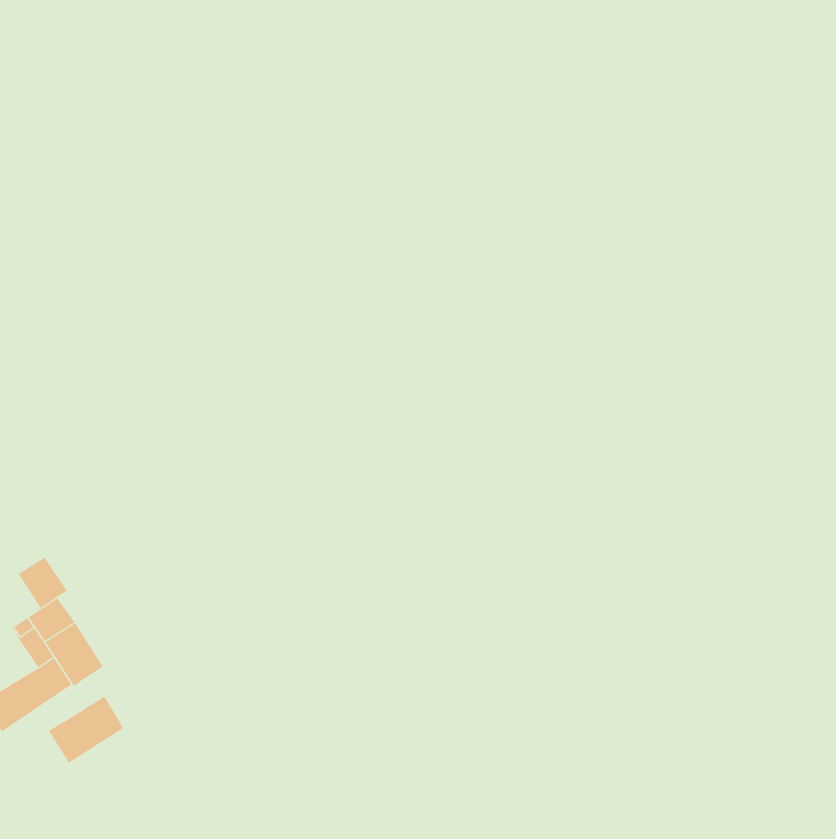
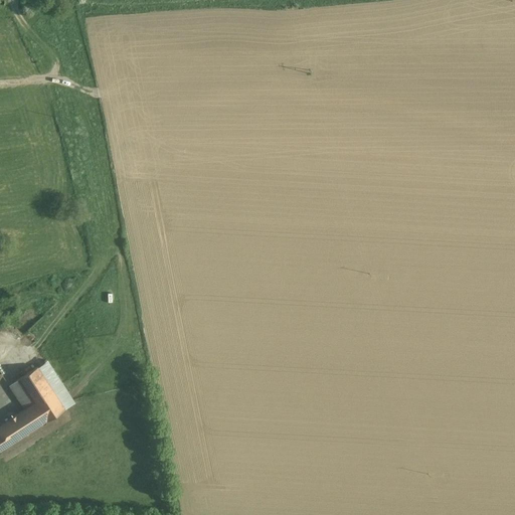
building: [18,557,68,609] -> none
building: [48,696,124,763] -> none

